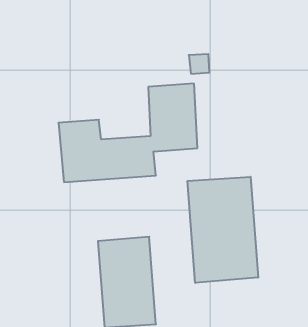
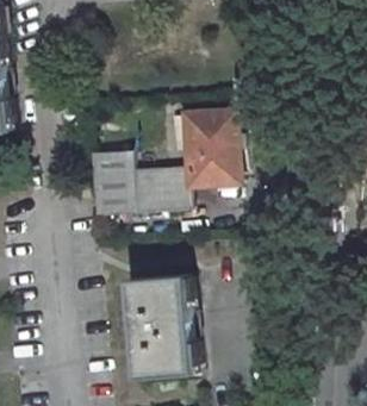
building: [188,177,258,283] -> none

